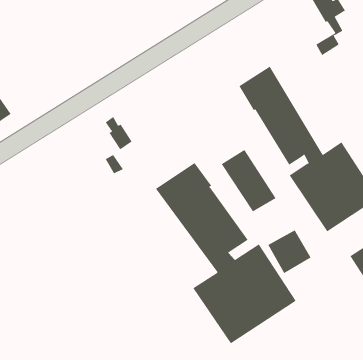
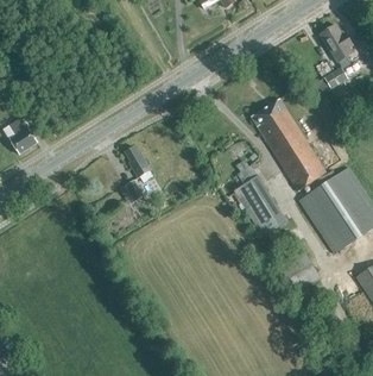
building: [155,162,296,344] -> none

